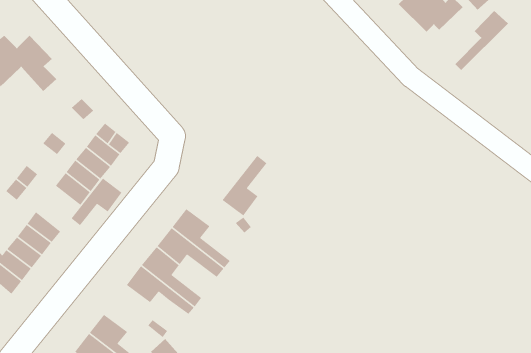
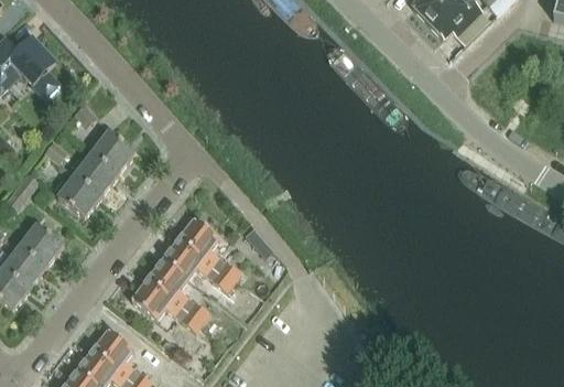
building: [455,10,509,71] -> none
building: [222,155,267,217] -> none
building: [70,177,122,226] -> none

